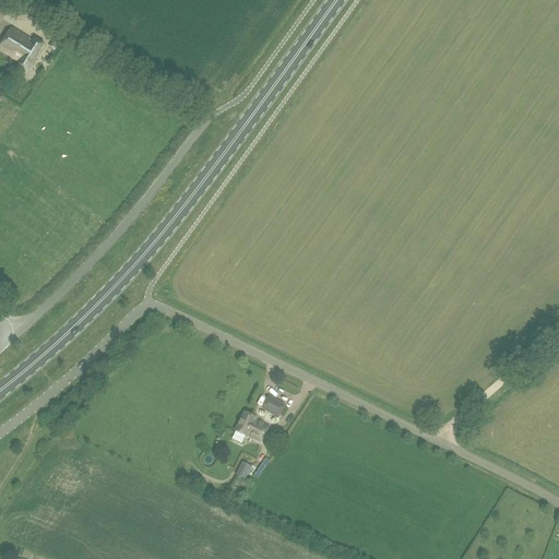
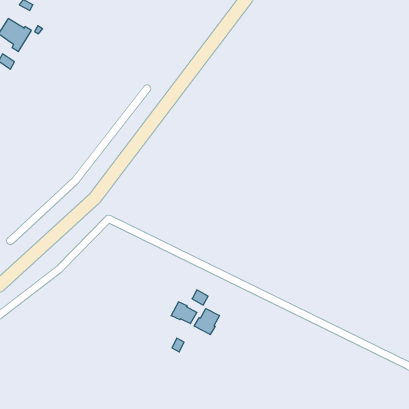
building: none -> [194,309,219,335]

